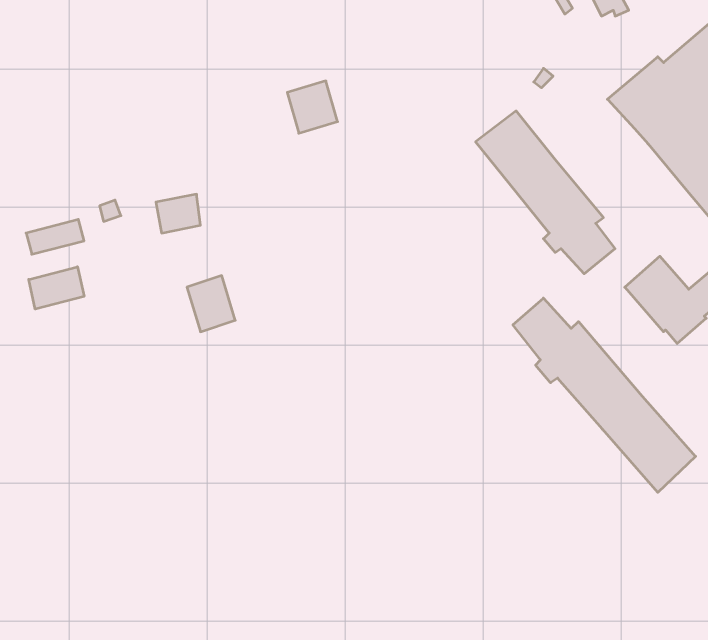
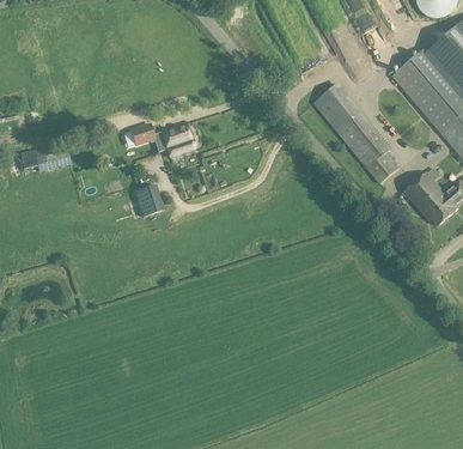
building: [287,81,338,133] -> [160,123,191,156]
building: [29,267,84,309] -> none
building: [513,298,696,492] -> none

